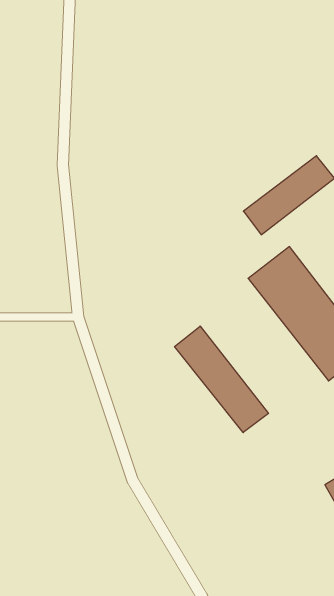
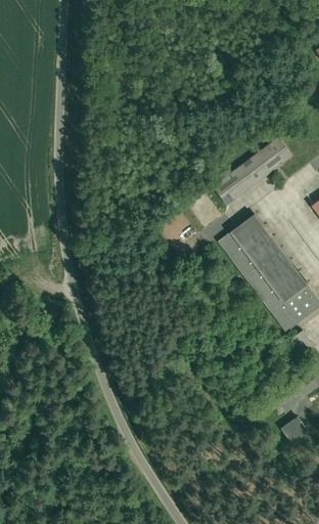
building: [175,326,268,433] -> none

